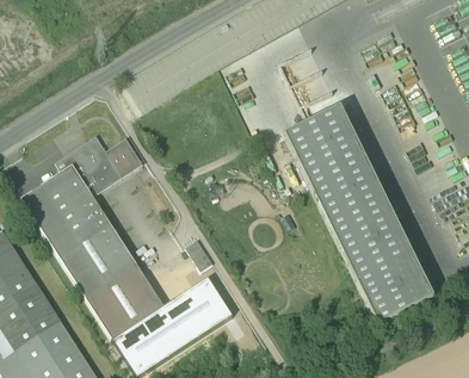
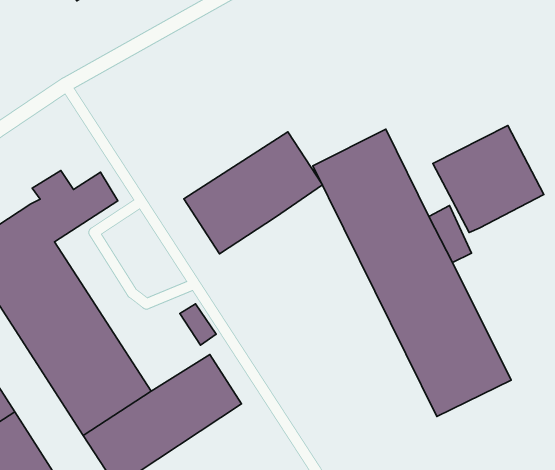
building: none -> [433,126,544,233]
building: none -> [184,132,322,254]

